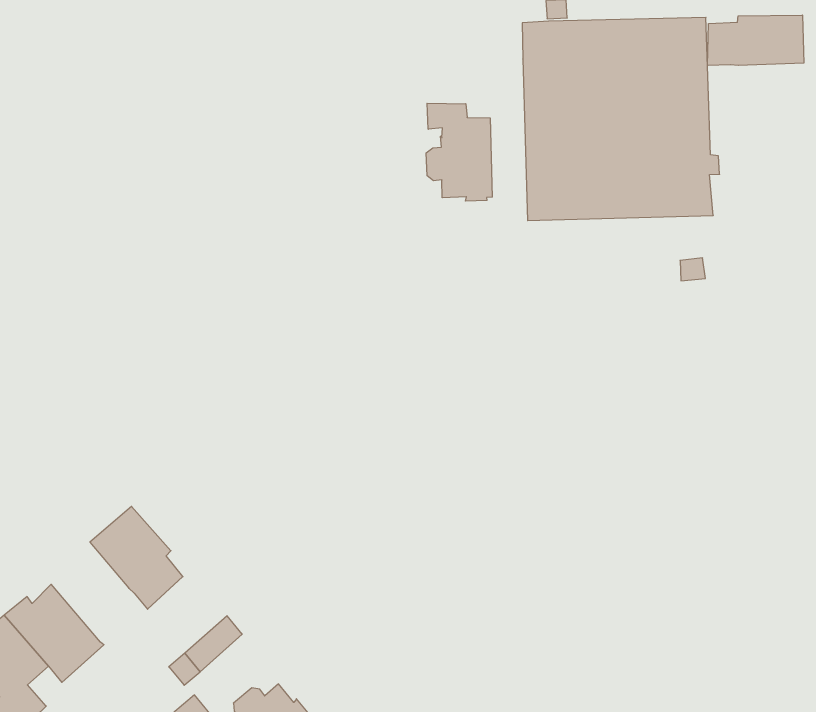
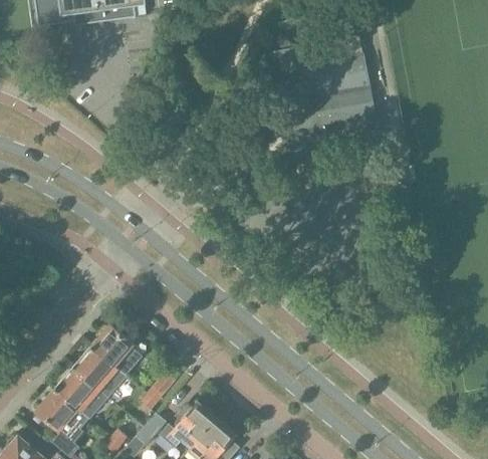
building: [708,15,804,66] -> none
building: [426,103,492,201] -> none
building: none -> [76,346,118,395]

